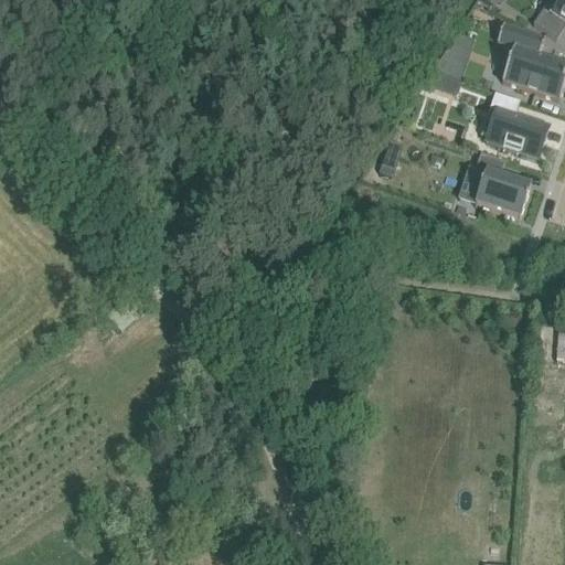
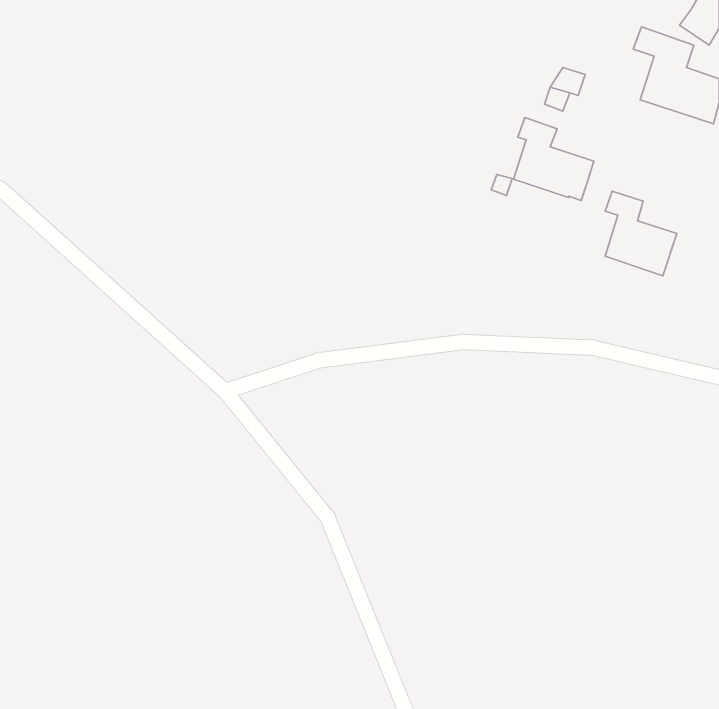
building: [486,89,548,154] -> [514,117,594,200]

